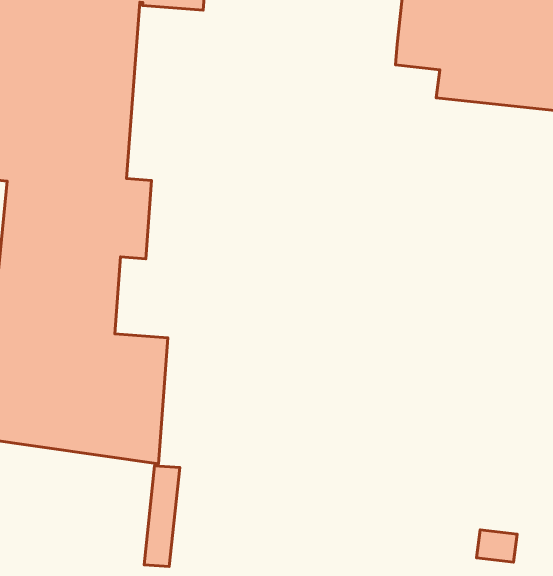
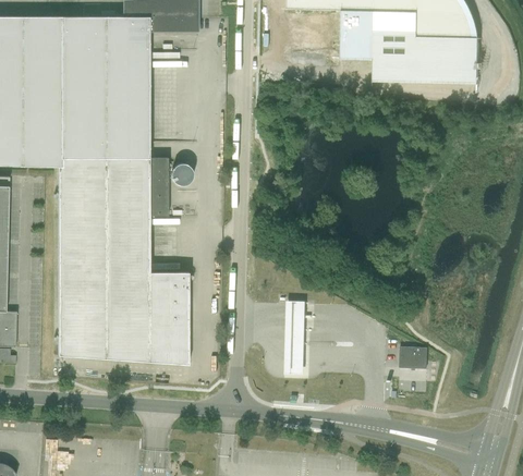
building: [144,466,180,567] -> [284,301,305,374]
building: [477,530,517,562] -> [399,347,427,369]

